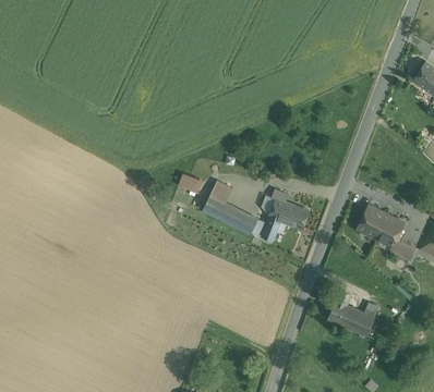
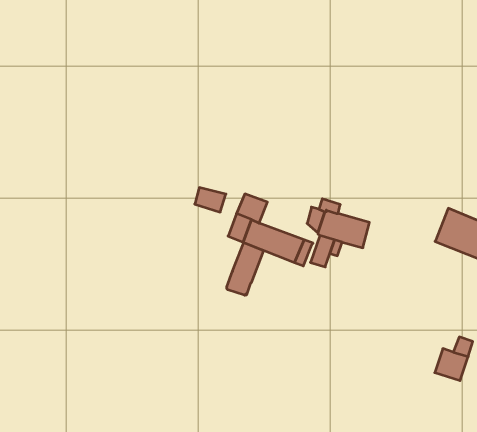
building: none -> [227,242,263,295]
building: [329,292,355,328] -> none

